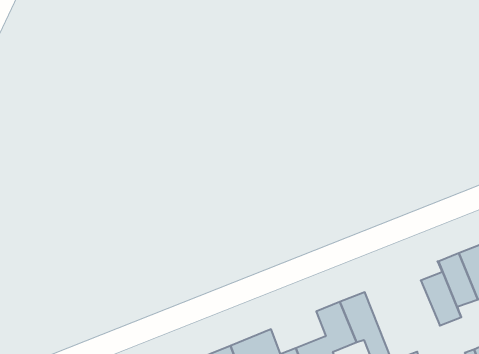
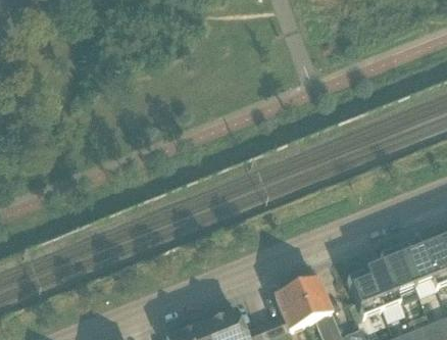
building: none -> [347,268,382,314]

